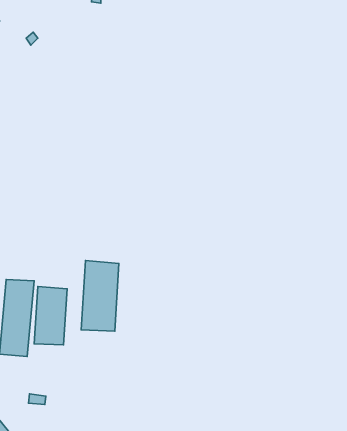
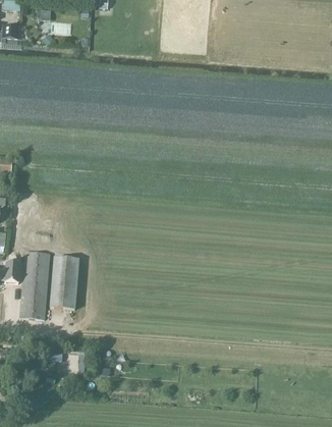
building: [81,261,119,331] -> none

